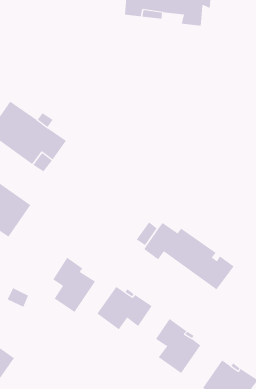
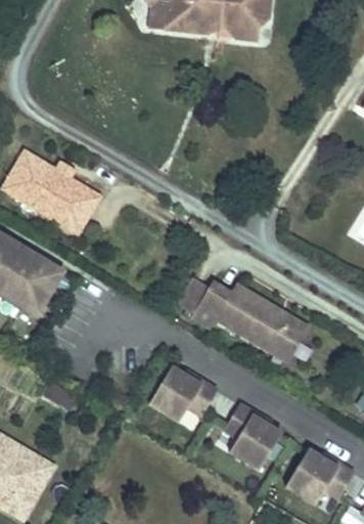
building: [53,257,96,313] -> none

